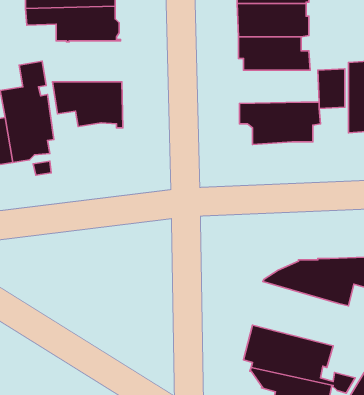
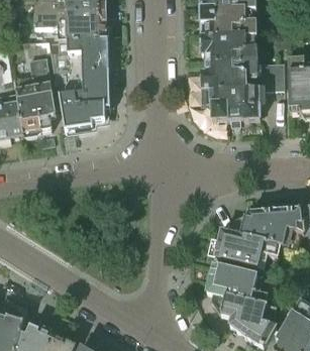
building: none -> [50,37,109,70]
building: none -> [201,61,257,87]
building: none -> [59,93,105,128]
building: none -> [214,227,280,266]

